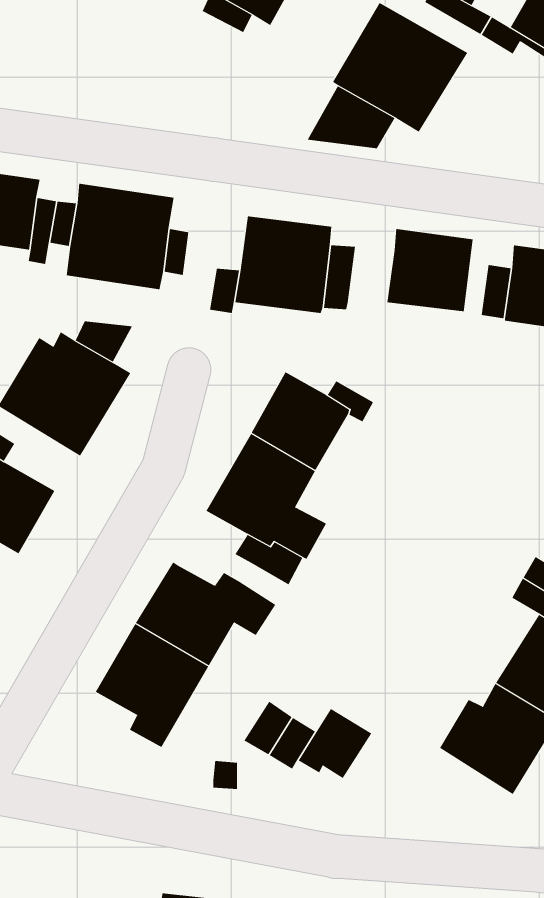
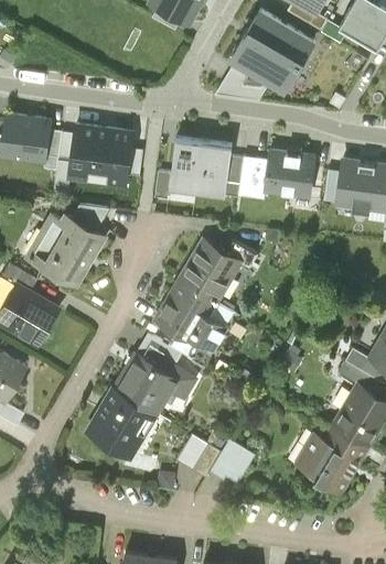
building: none -> [242,158,269,196]
building: none -> [138,335,182,365]

